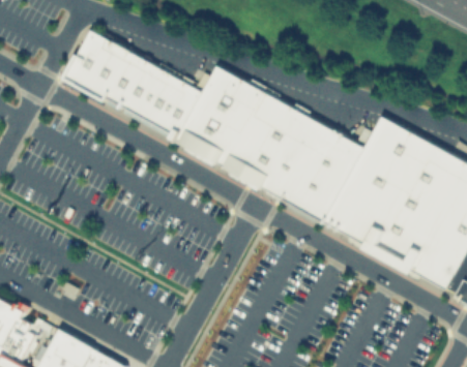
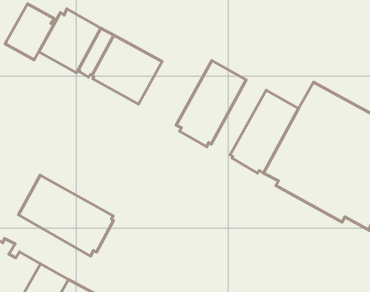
building: none -> [5,4,54,60]
building: [177,65,264,166] -> none
building: [263,113,328,202] -> none
building: none -> [18,175,113,256]

